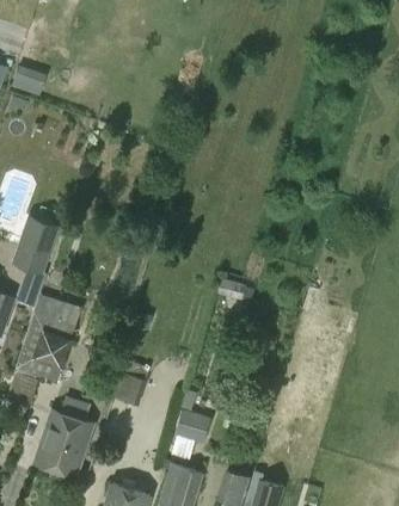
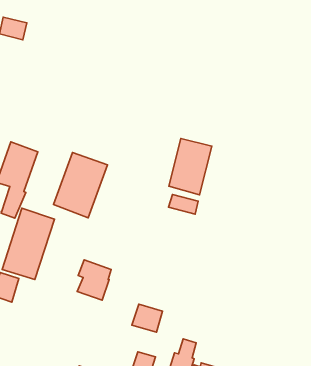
building: none -> [169,139,212,195]
building: none -> [54,152,107,218]
building: [36,409,91,475] -> none

